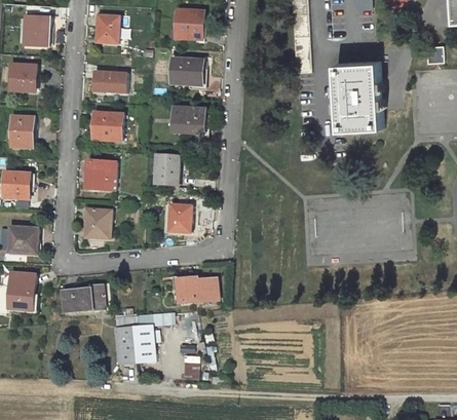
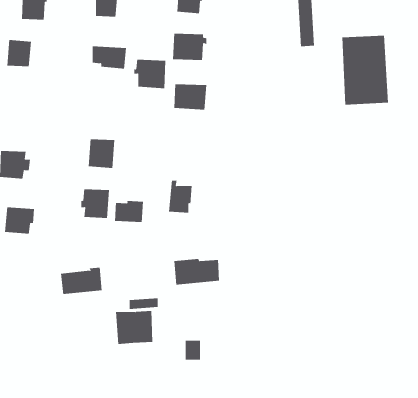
building: [89,113,121,142] -> [133,59,166,89]
building: [9,116,32,148] -> none
building: [153,155,178,185] -> none
building: none -> [114,200,143,223]
building: [7,273,34,310] -> none

